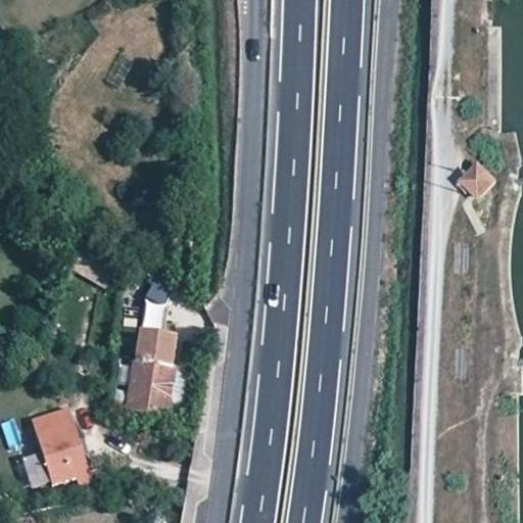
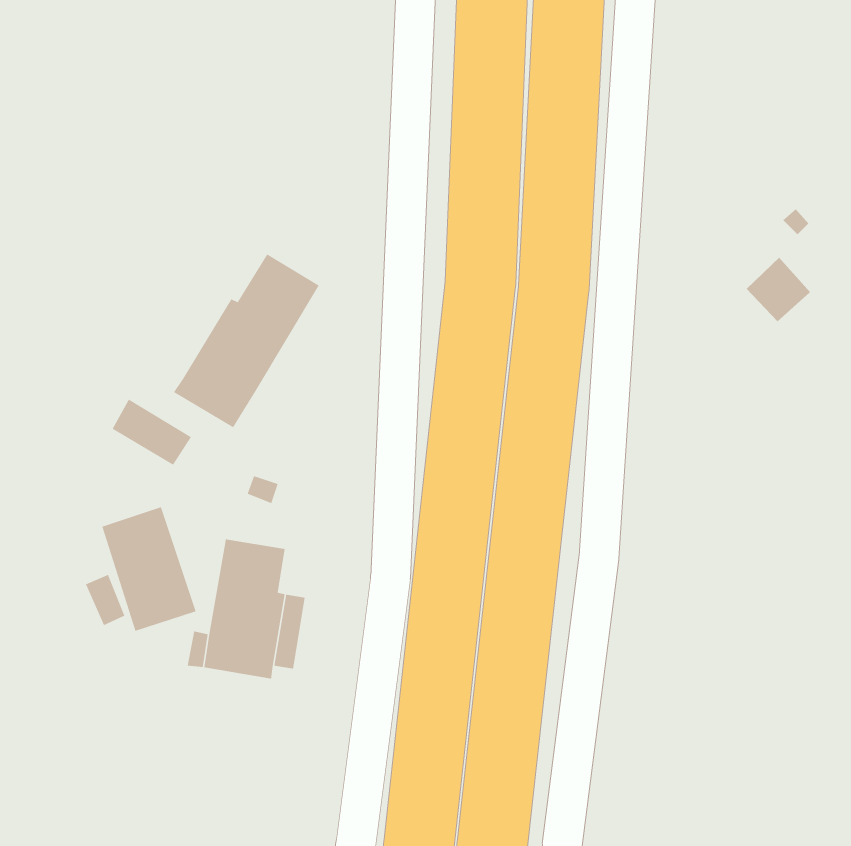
building: none -> [173,254,319,428]
building: [31,408,89,484] -> [102,507,197,632]

